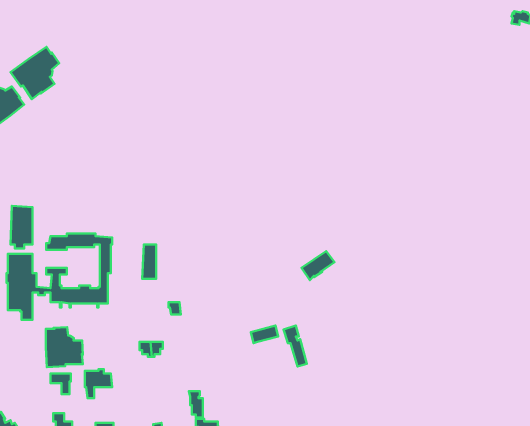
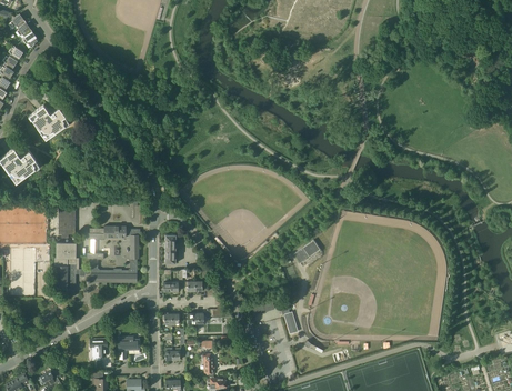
building: [11,47,59,99] -> none
building: [46,327,83,367] -> none

